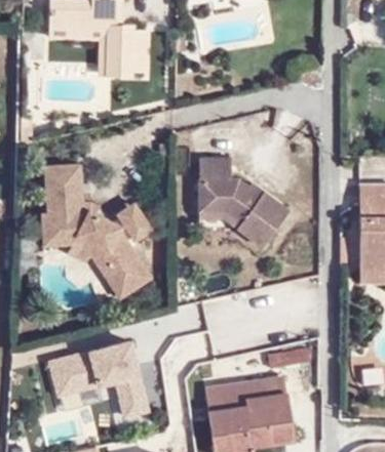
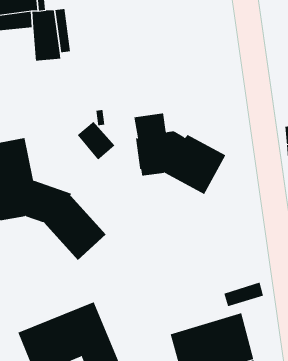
building: [116,199,155,241] -> [77,121,115,161]

